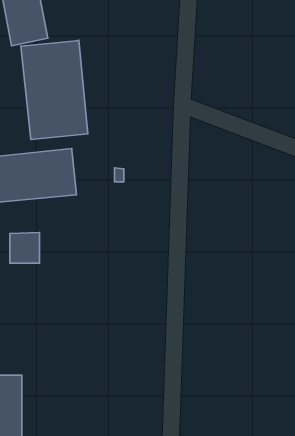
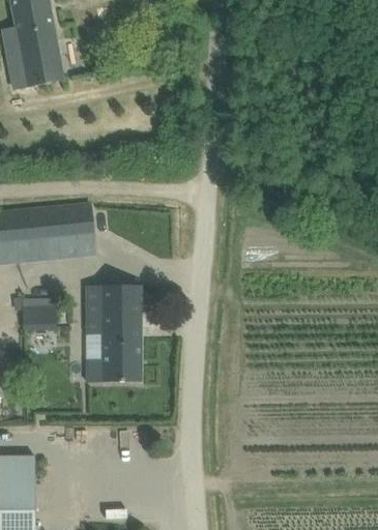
building: [21,40,88,140] -> none
building: none -> [86,287,141,382]

